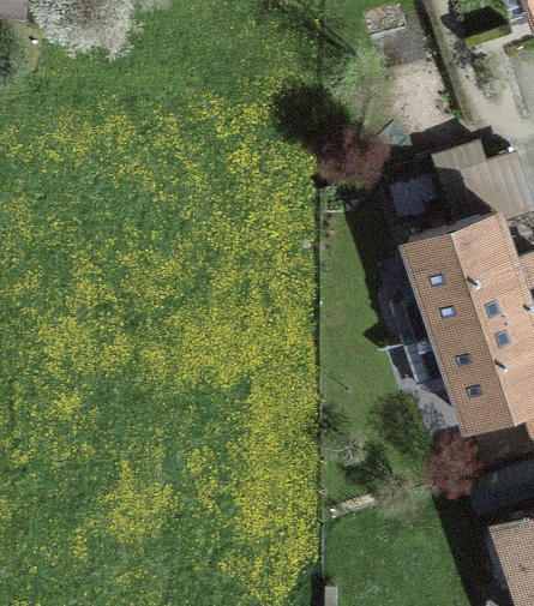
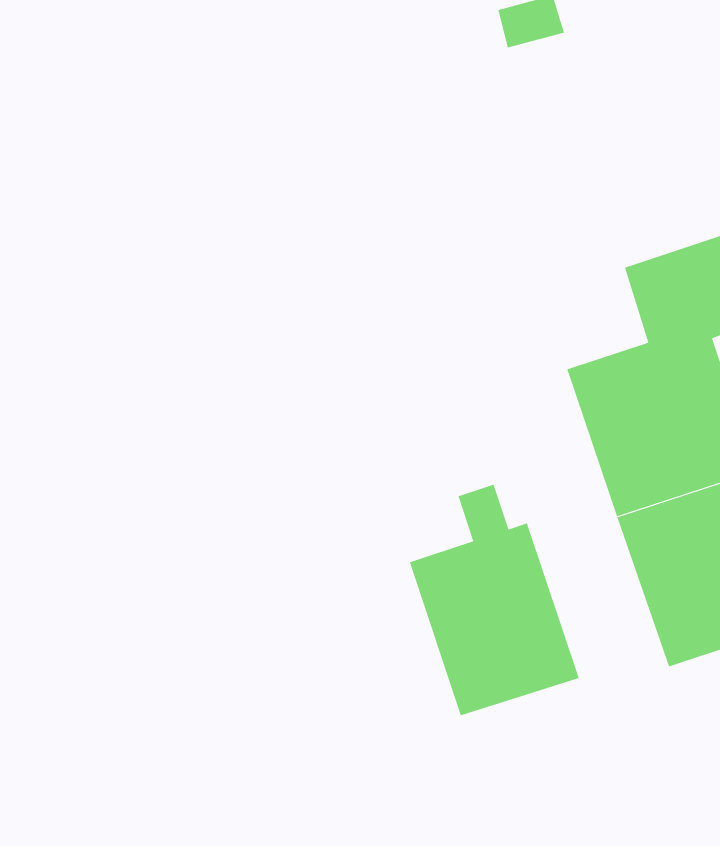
building: none -> [409,484,580,716]

